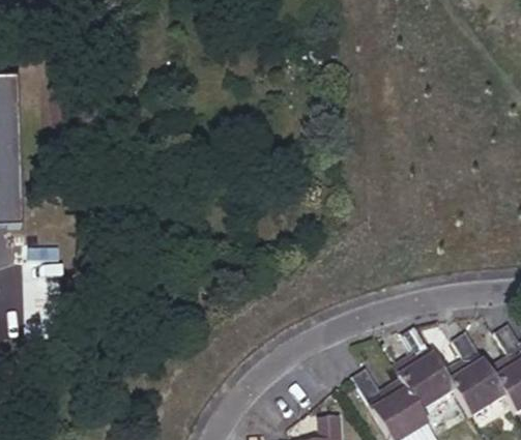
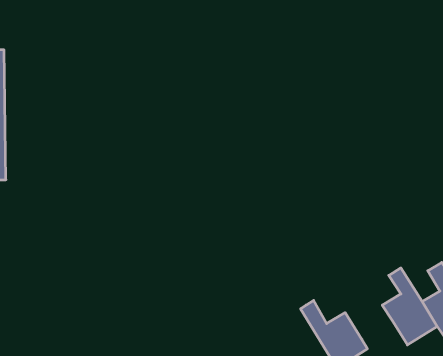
building: [392,325,453,410] -> none

